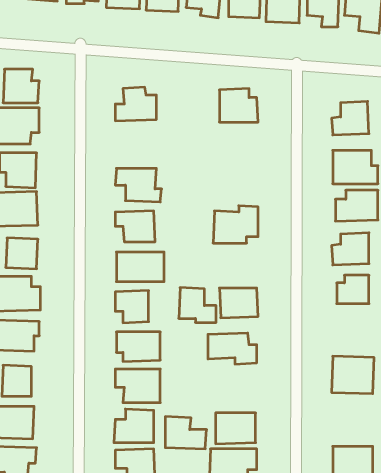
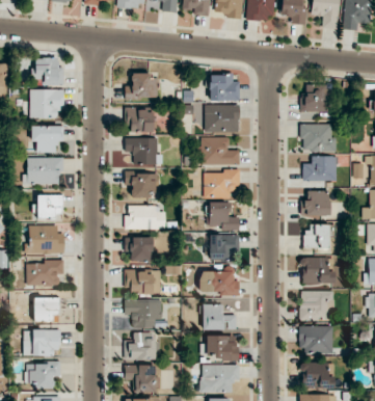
building: none -> [205,104,239,132]
building: none -> [125,108,153,133]
building: none -> [200,137,239,164]
building: [179,288,216,322] -> [209,202,239,230]
building: none -> [301,257,334,284]
building: none -> [298,325,333,353]
building: [165,417,207,449] -> [203,304,236,330]

